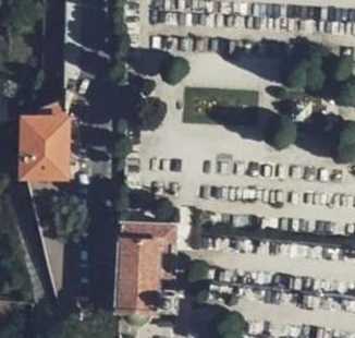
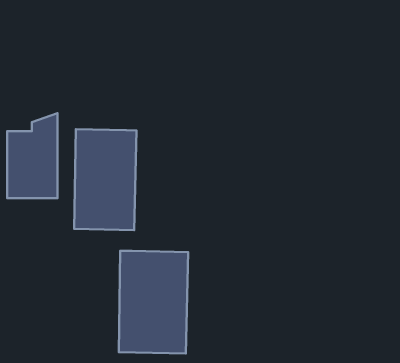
building: none -> [74,129,137,230]

